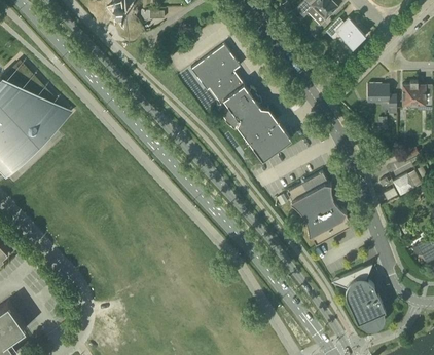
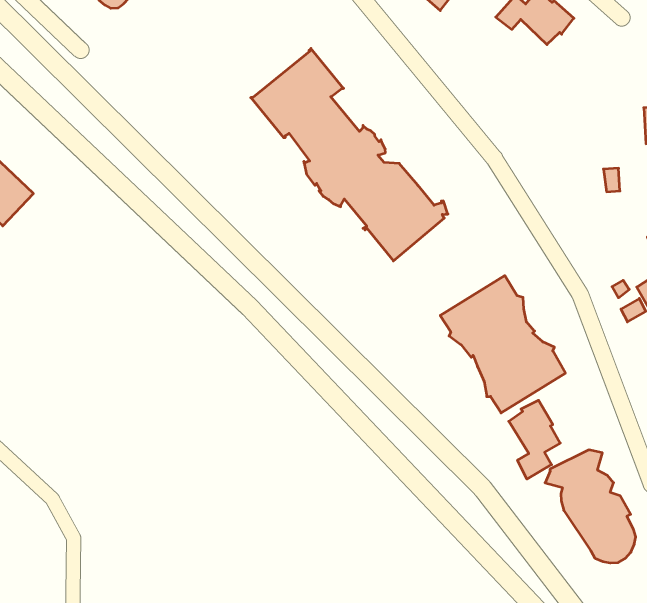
building: [367,83,396,114] -> none
building: none -> [509,400,560,479]

